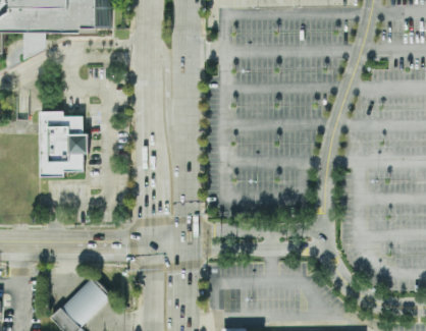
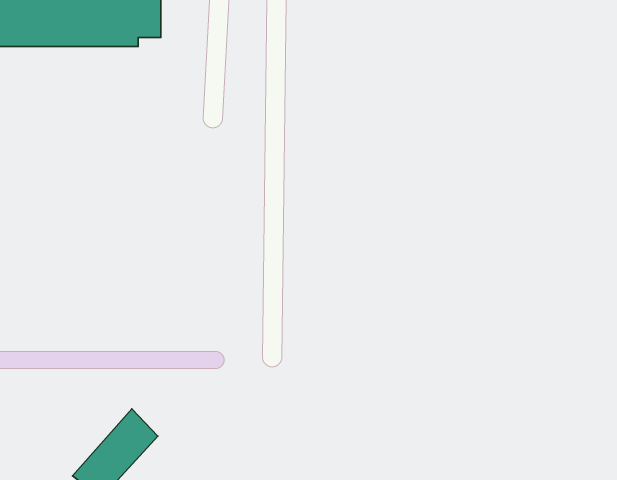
building: [39,110,88,174] -> none

